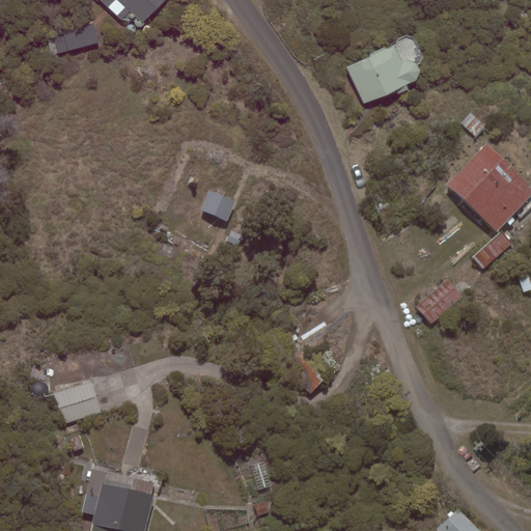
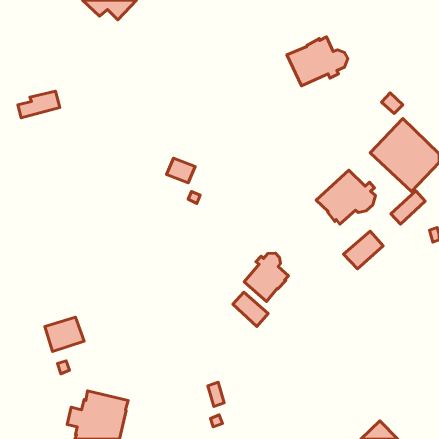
building: [48,23,99,55] -> [18,91,60,118]
building: none -> [316,170,375,224]
building: none -> [244,253,289,302]

